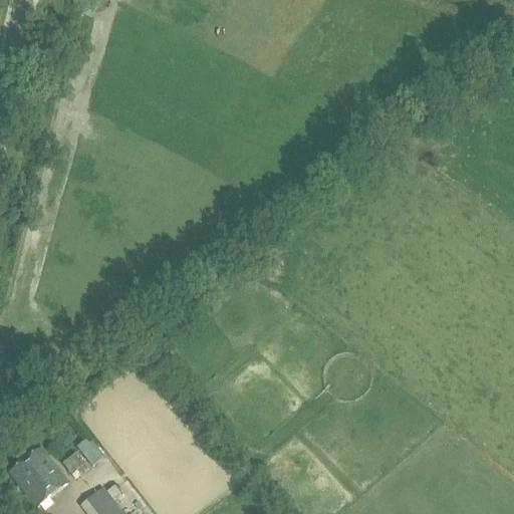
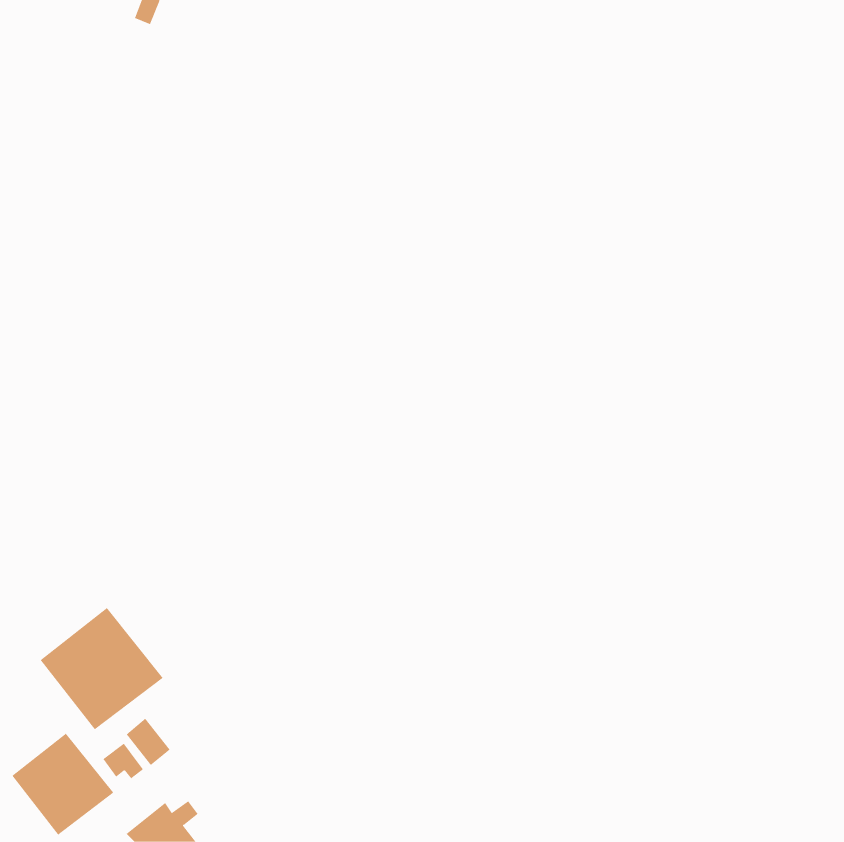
building: none -> [40,607,164,730]

